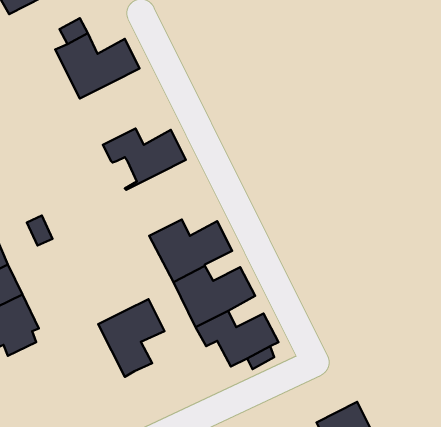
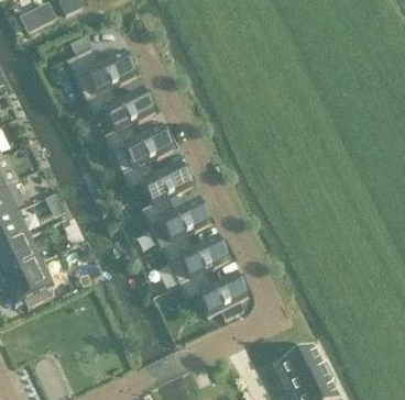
building: none -> [86,85,153,135]
building: none -> [123,158,190,209]
building: [98,299,165,377] -> none

